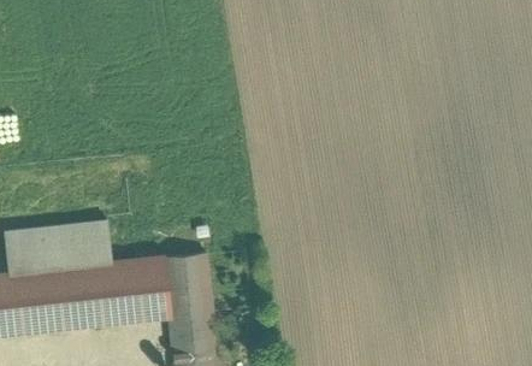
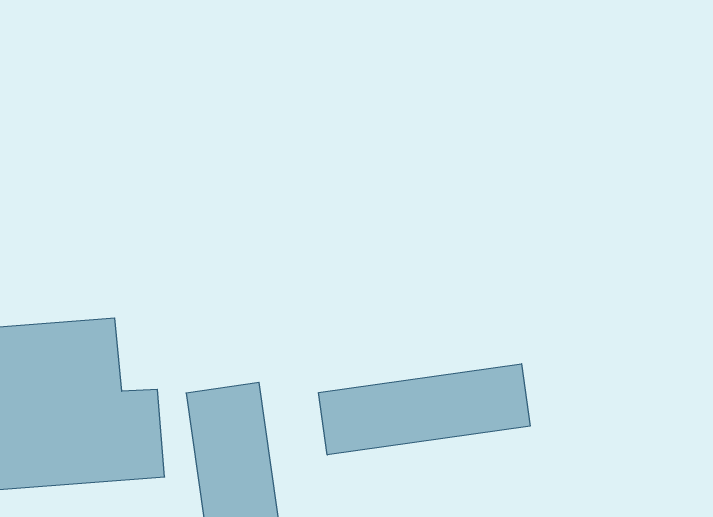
building: none -> [319,364,530,455]

